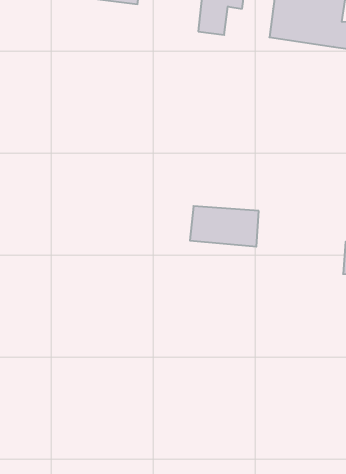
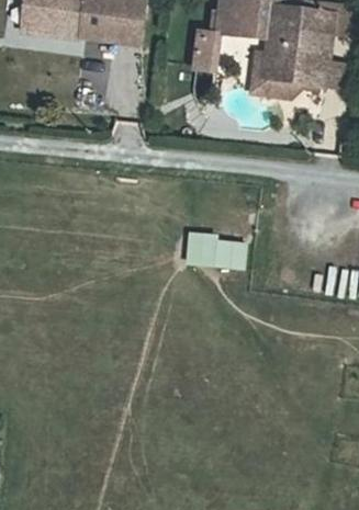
building: none -> [244,48,317,100]

